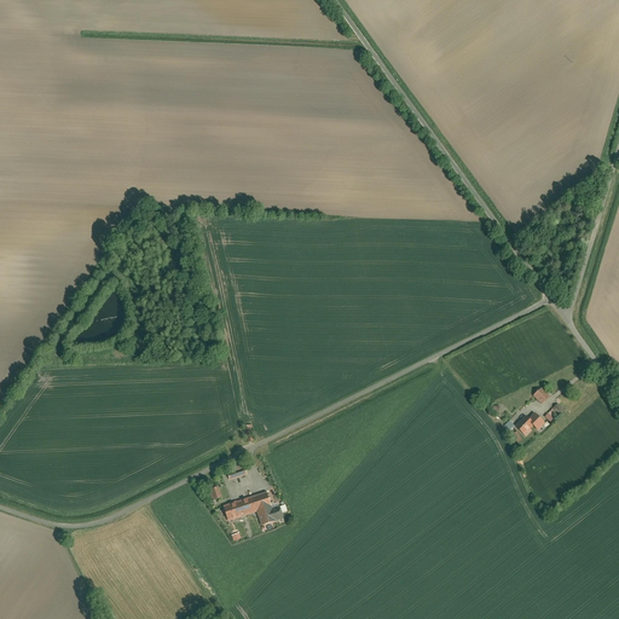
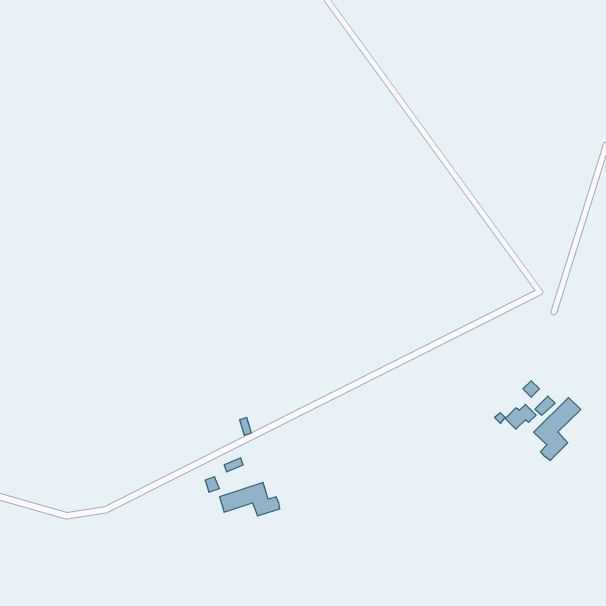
building: none -> [534,398,581,461]

